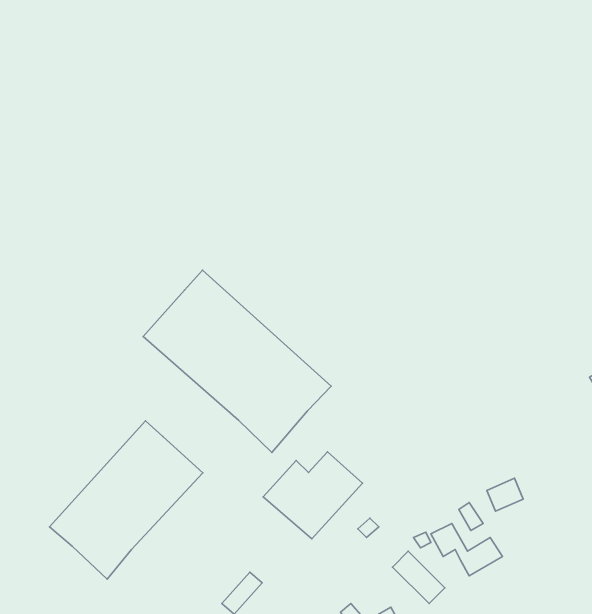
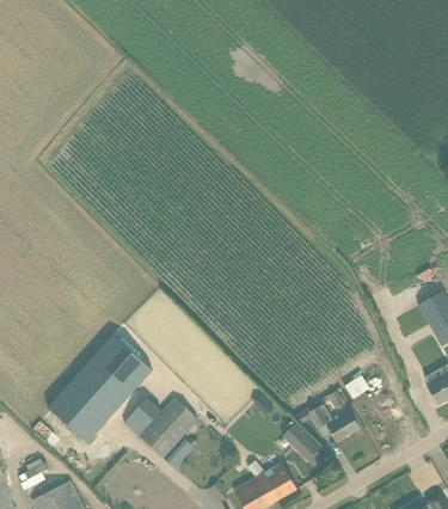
building: [143,270,331,453] -> none
building: [263,452,362,539] -> [129,398,197,458]

